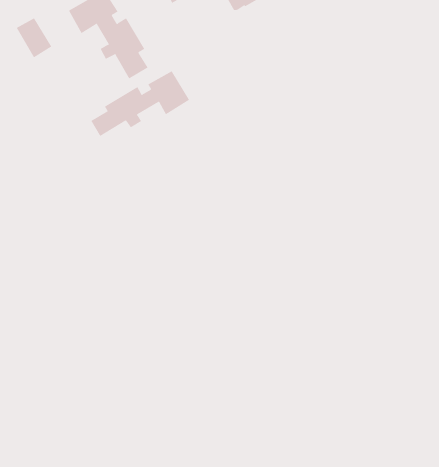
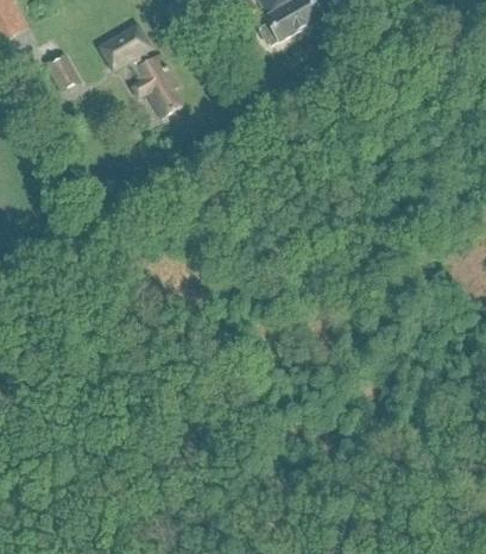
building: [90,71,190,137] -> none

